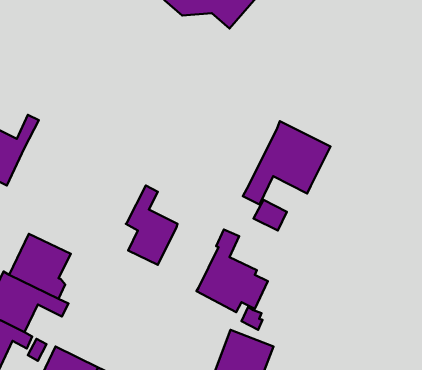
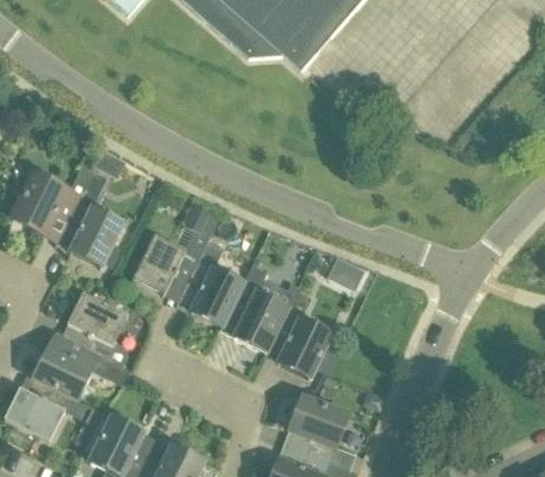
building: none -> [56,170,123,267]
building: [243,121,330,204] -> none
building: none -> [133,198,221,295]
building: none -> [221,264,288,351]

